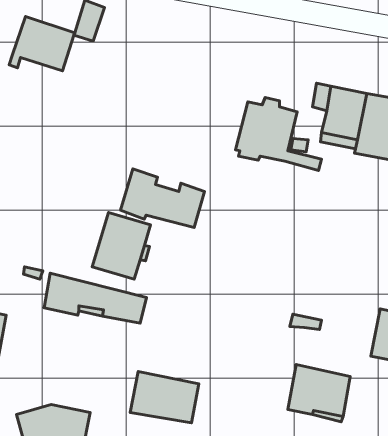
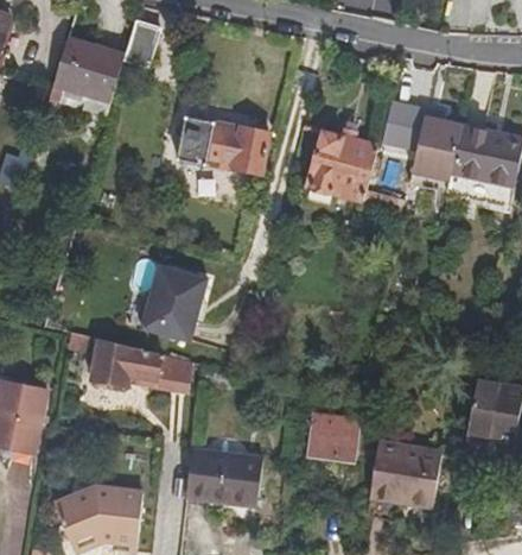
building: [121,169,205,227] -> [178,106,275,174]
building: none -> [307,412,358,460]

